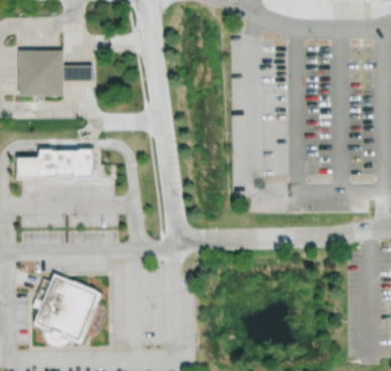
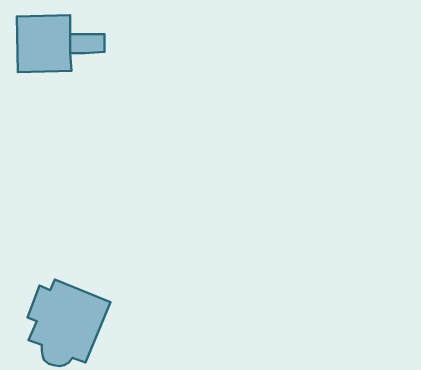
building: [14,148,98,178] -> none

